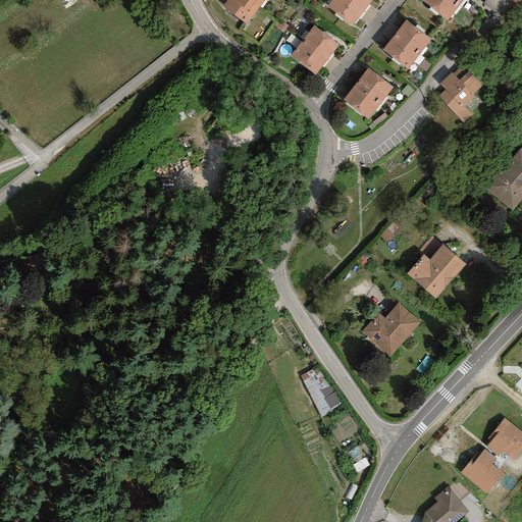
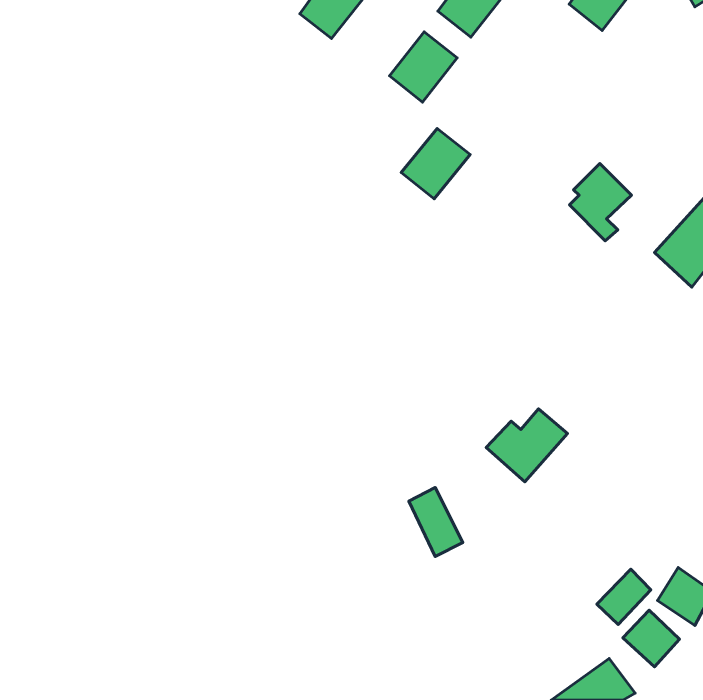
building: [381,19,432,71] -> none
building: [440,61,486,118] -> [569,164,631,241]
building: [343,67,394,119] -> [401,128,470,199]
building: [407,245,466,298] -> none
building: none -> [597,569,651,624]

